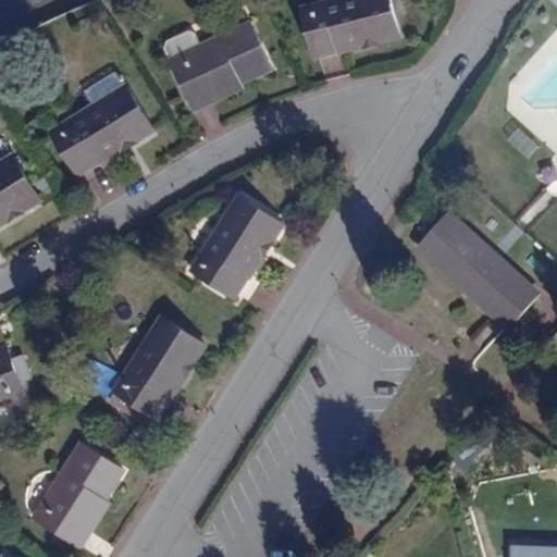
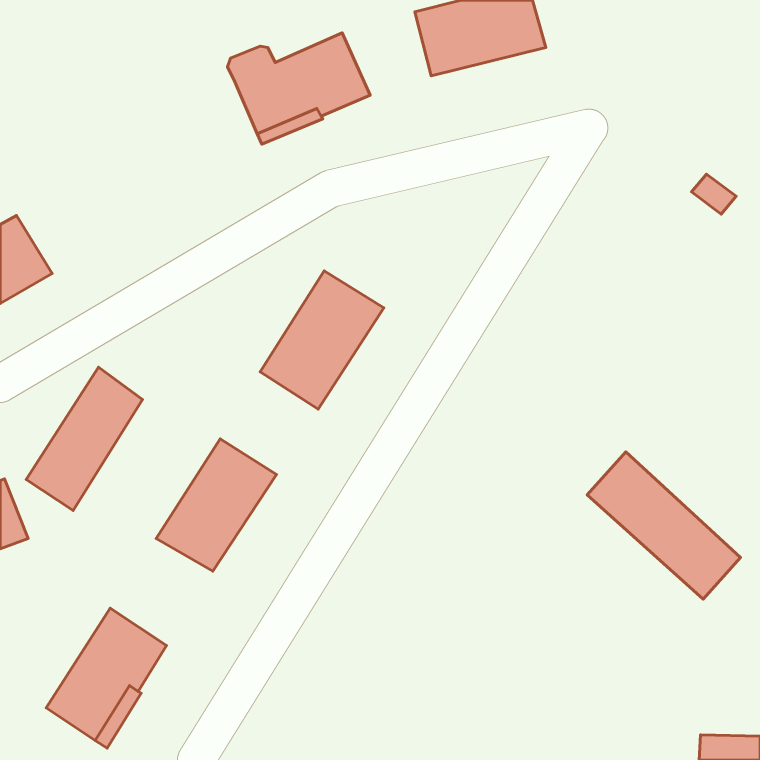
building: [50,72,150,174] -> none
building: [421,218,533,325] -> [587,452,740,599]
building: none -> [26,367,143,510]

